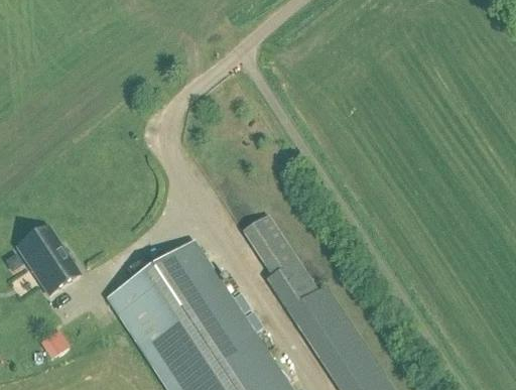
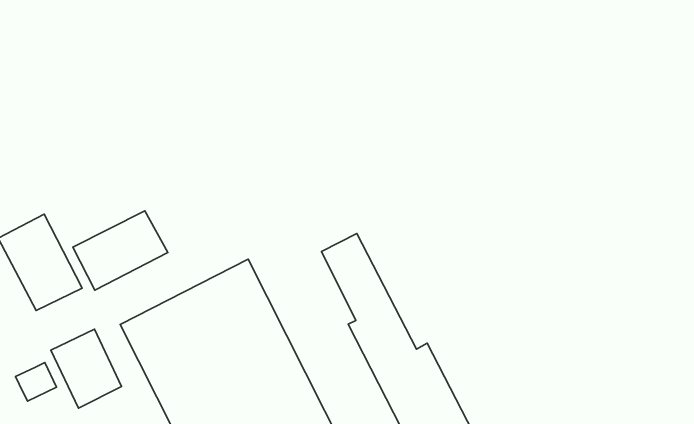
building: none -> [73,211,168,290]
building: none -> [51,329,121,408]

